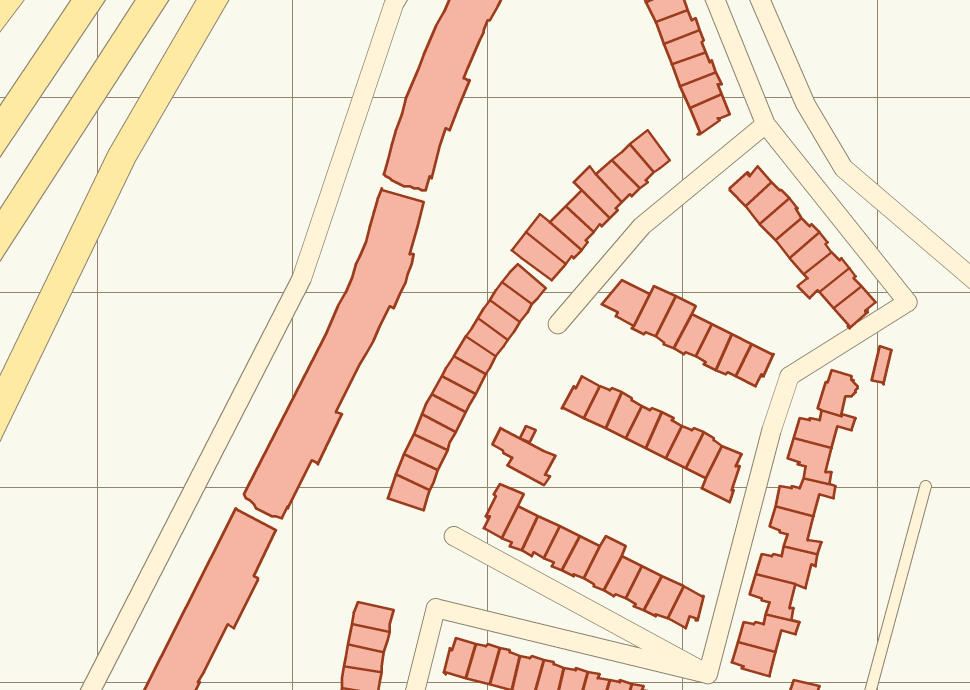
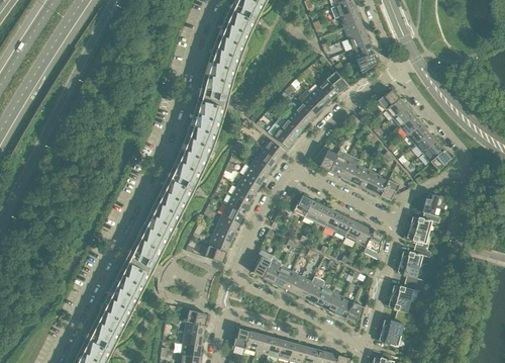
building: [493,428,555,485] -> none

